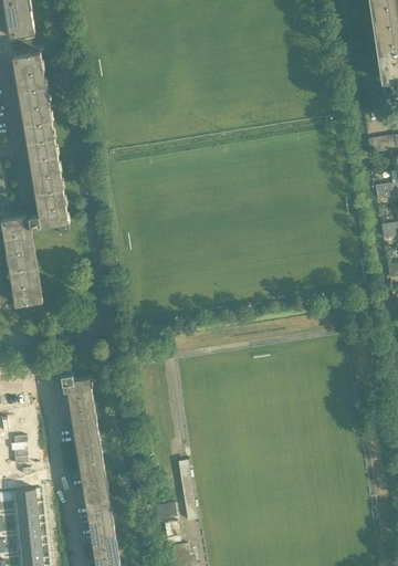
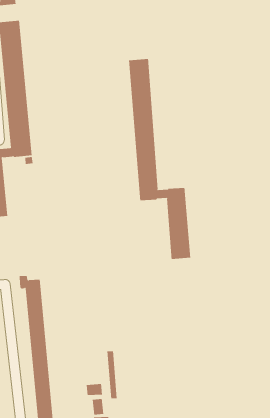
building: none -> [129,58,191,260]

